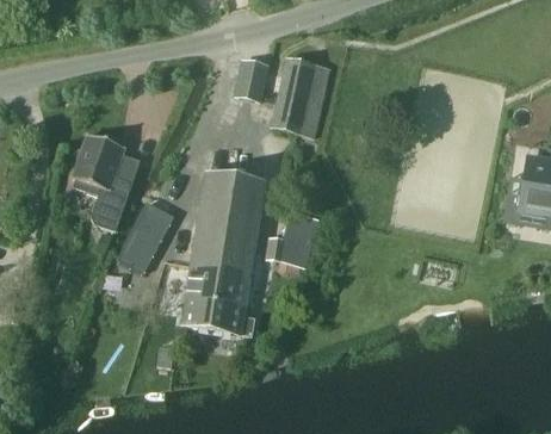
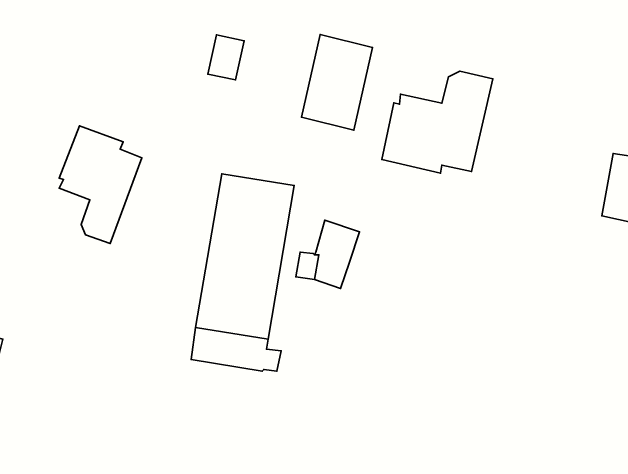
building: [236,62,266,99] -> [208,35,244,80]
building: none -> [382,71,493,173]
building: [117,204,174,277] -> none

